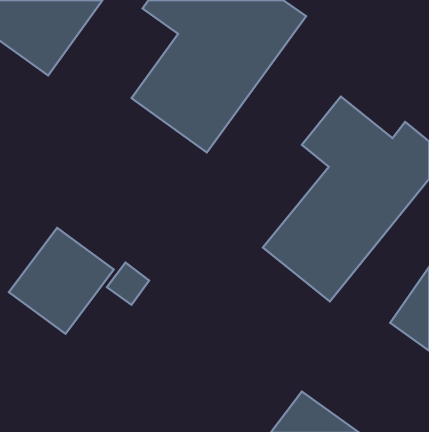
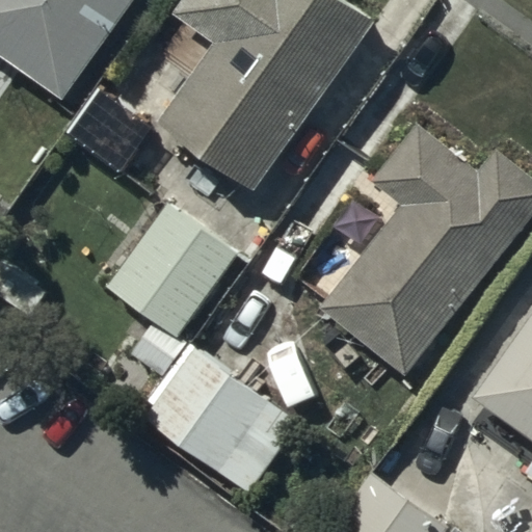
building: [9,228,114,334] -> [109,206,238,336]
building: none -> [144,351,295,493]

